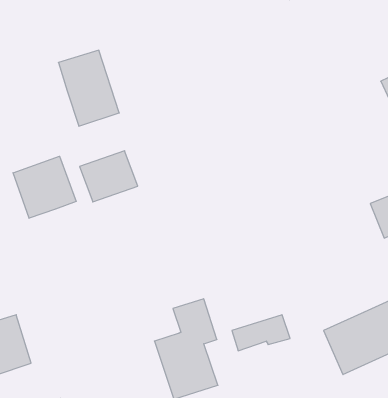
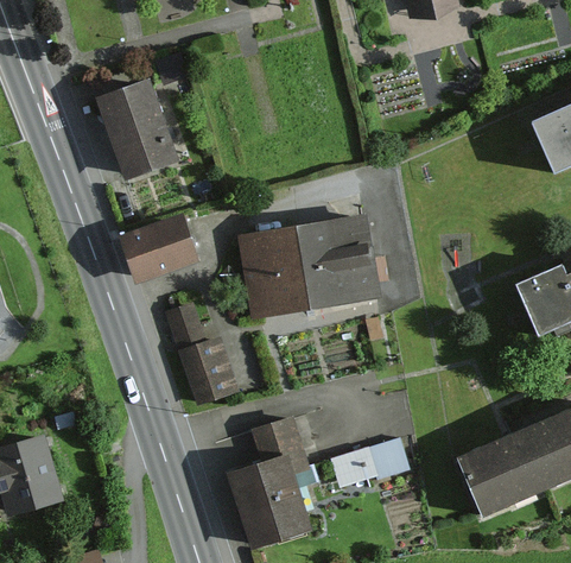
building: none -> [236,215,380,317]
building: [13,156,76,218] -> none
building: none -> [164,299,242,405]

